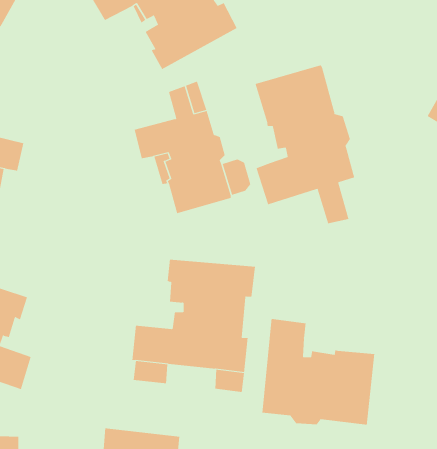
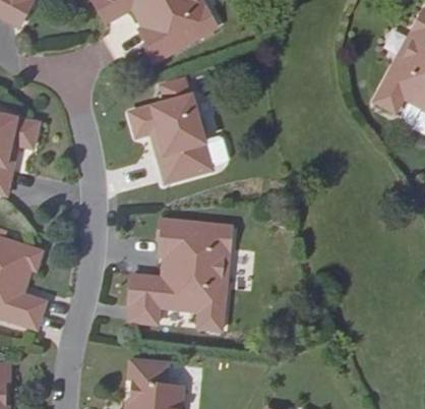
building: [255,64,355,224] -> none
building: [262,318,375,426] -> none

